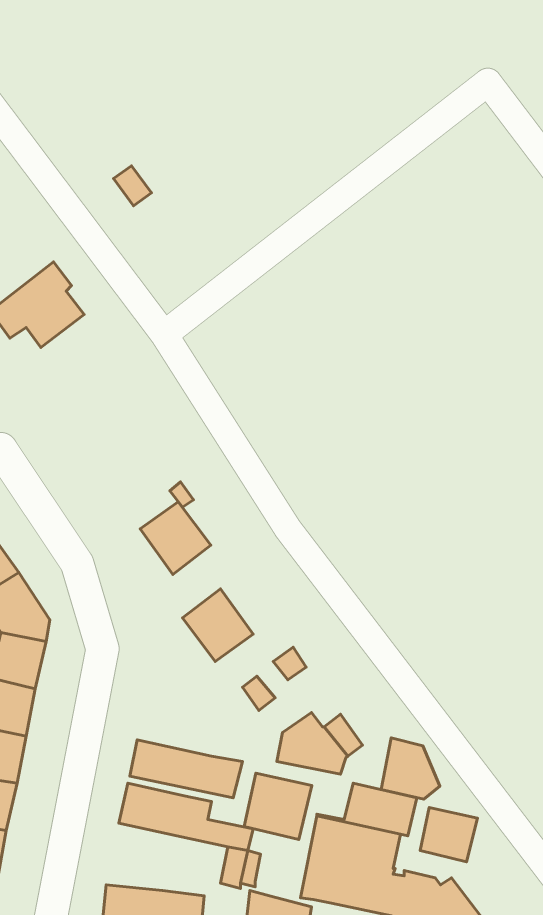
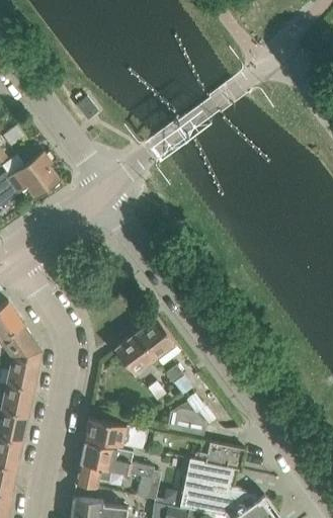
building: [140,502,211,574] -> [135,319,174,359]
building: [381,738,440,799] -> none
building: [244,773,312,840] -> none
building: [420,807,477,862] -> none
building: none -> [74,464,110,489]

